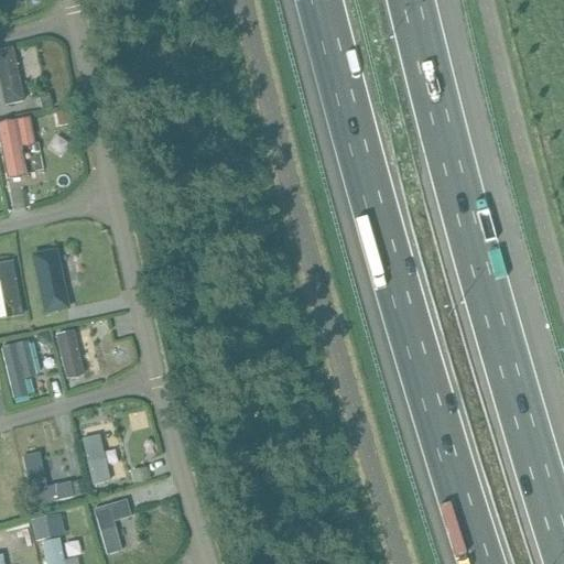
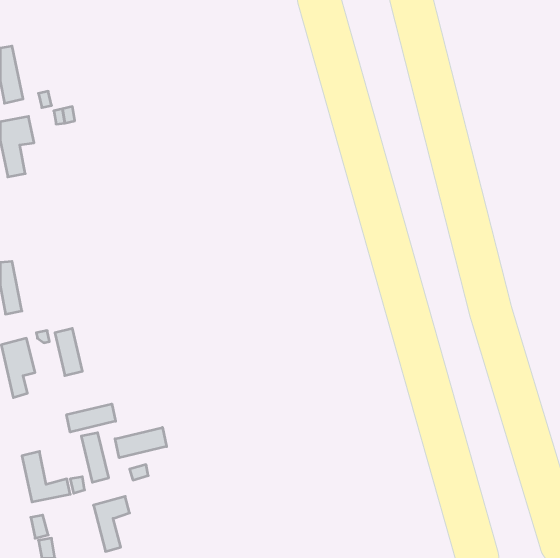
building: [34,249,68,312] -> none
building: none -> [67,404,116,432]
building: none -> [115,427,167,458]

